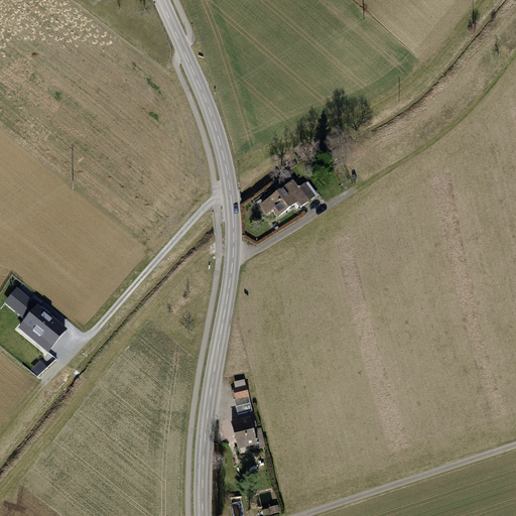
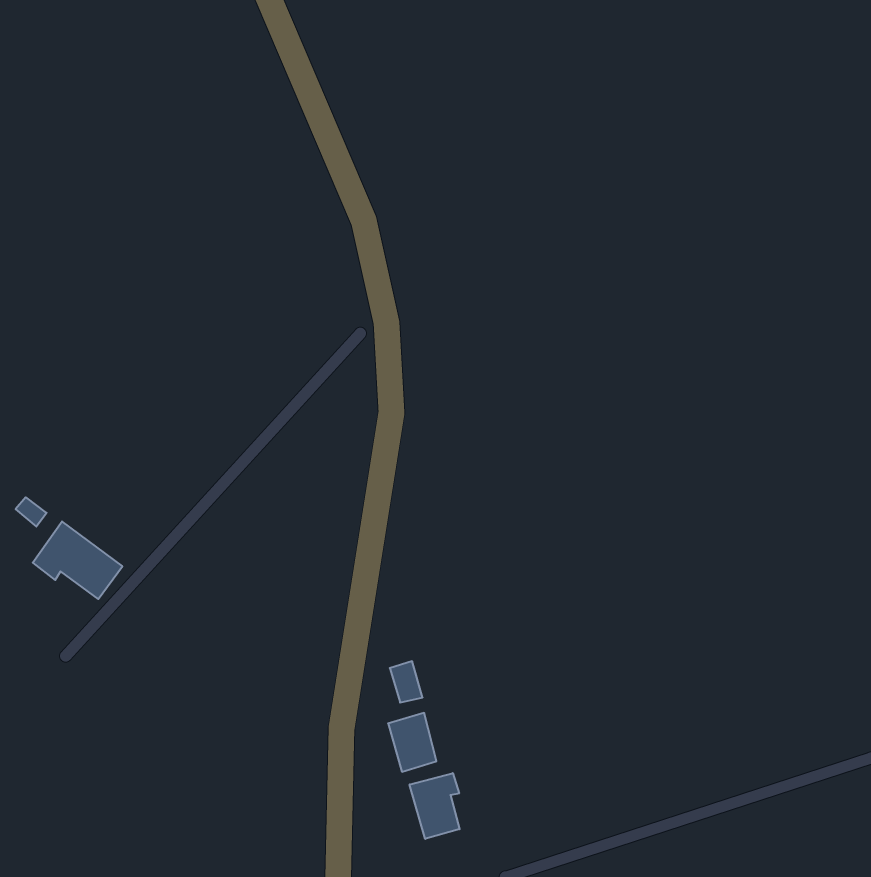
building: [258,178,314,218] -> none
building: none -> [410,773,460,839]

